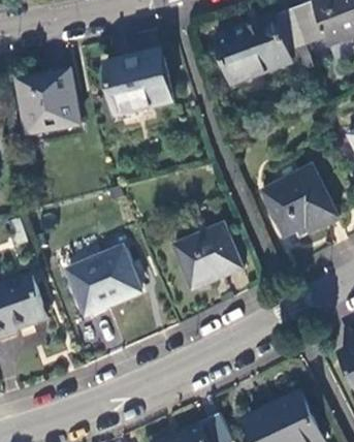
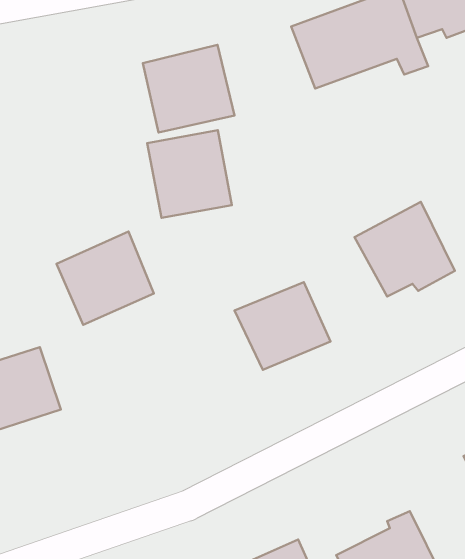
building: [19,69,81,133] -> [147,130,232,218]
building: [68,247,139,315] -> [56,231,154,325]

